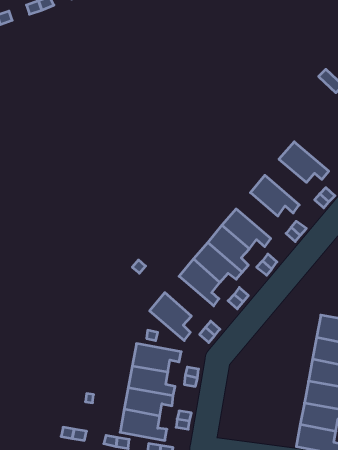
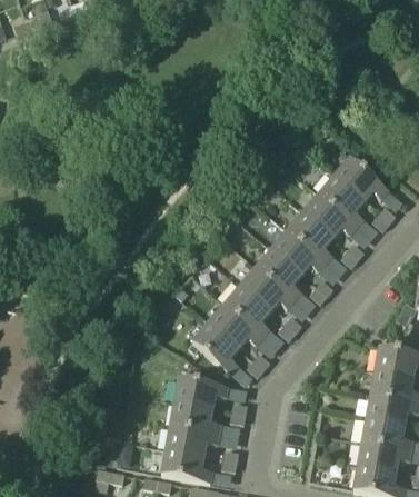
building: none -> [319,176,365,226]
building: none -> [288,212,333,262]
building: none -> [210,304,263,347]

